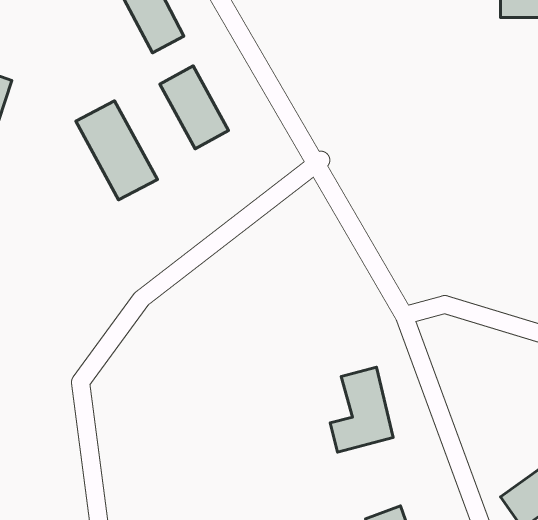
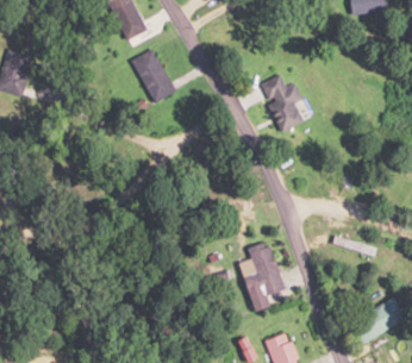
building: [76,101,157,200] -> none
building: none -> [262,75,307,132]

